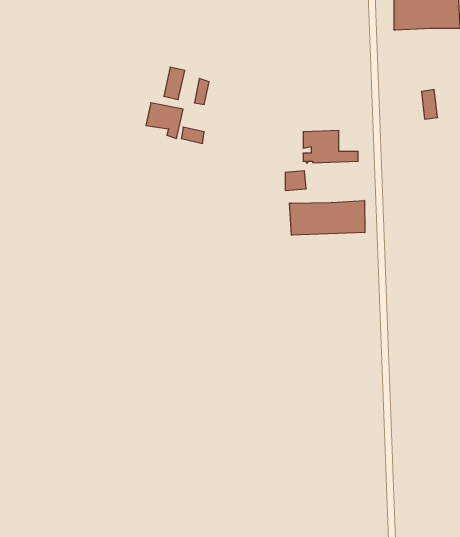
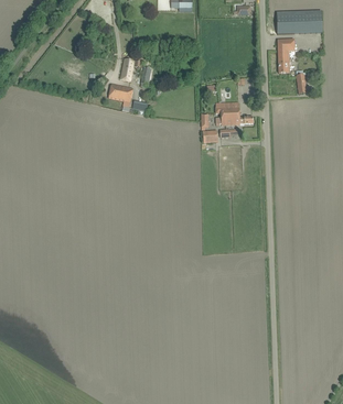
building: none -> [278,39,294,73]
building: [290,200,365,235] -> none

